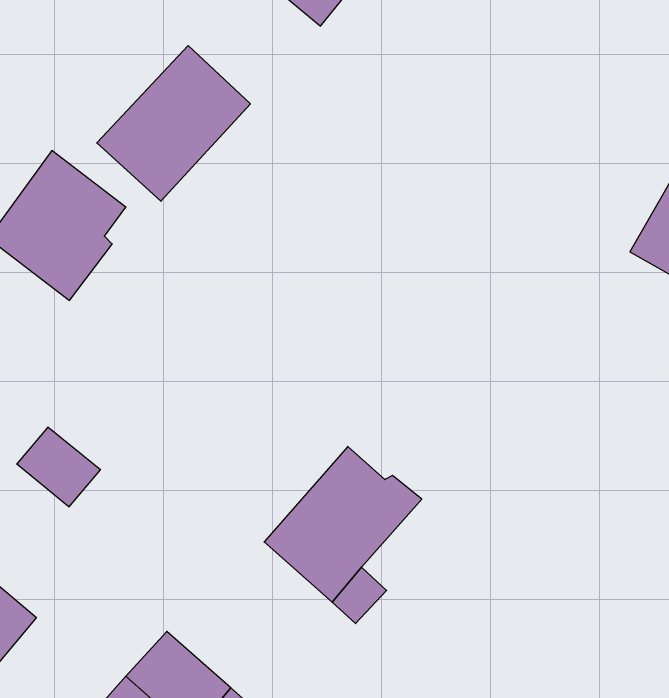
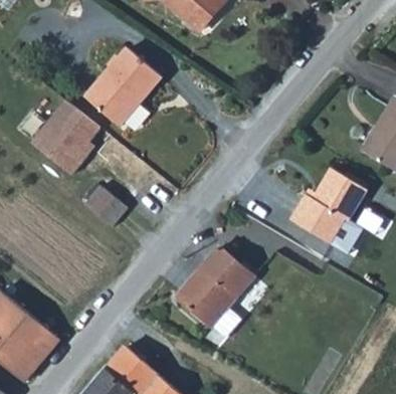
building: none -> [291,167,368,242]
building: [17,427,100,507] -> [82,187,126,228]

